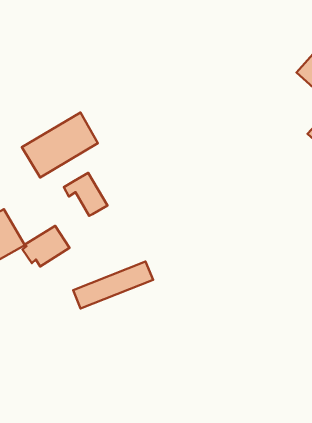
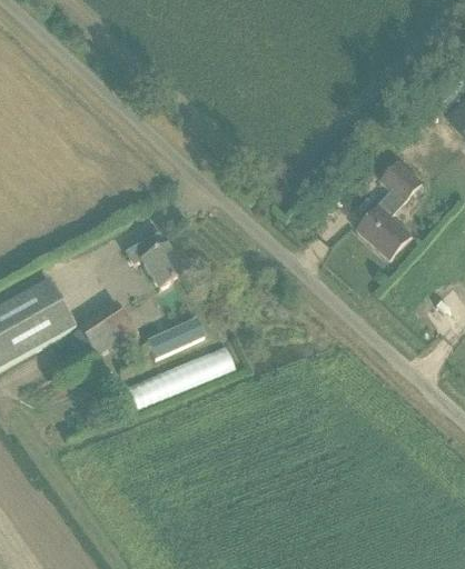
building: [22,112,98,177] -> none
building: none -> [358,160,424,259]
building: none -> [147,317,205,357]

